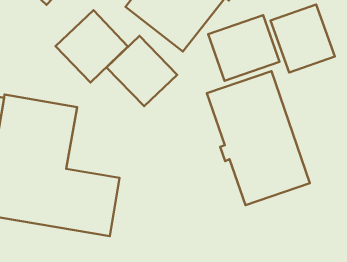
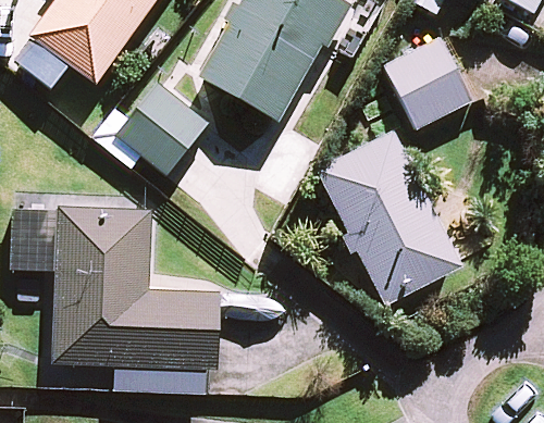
building: [208,15,280,81] -> none
building: [107,36,177,106] -> none

